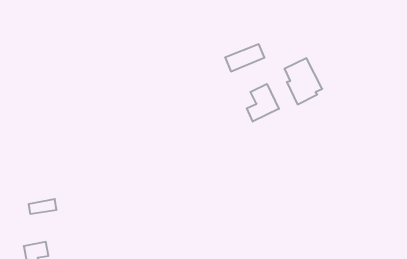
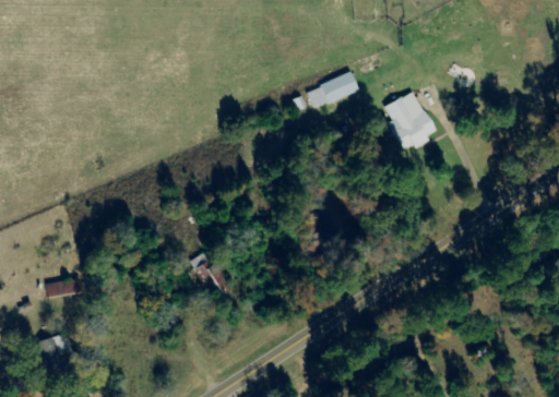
building: [247,84,279,122] -> none
building: none -> [192,254,226,294]

